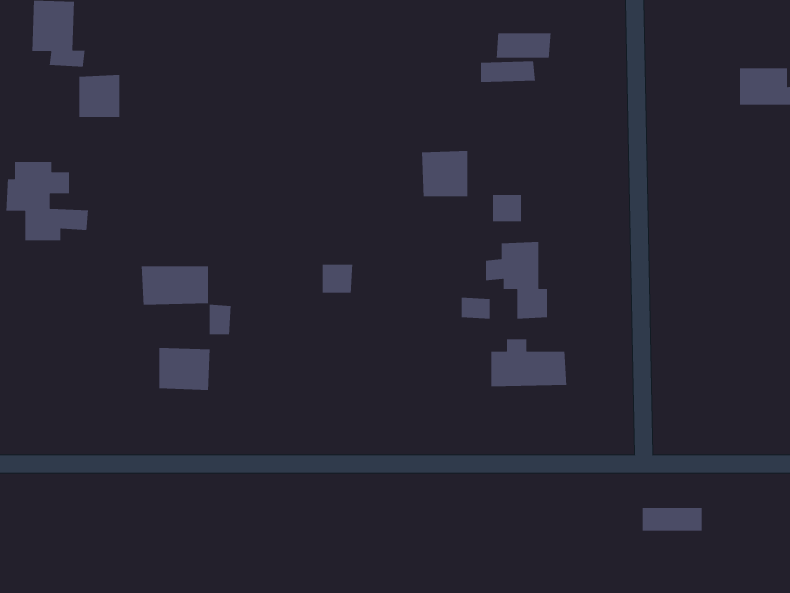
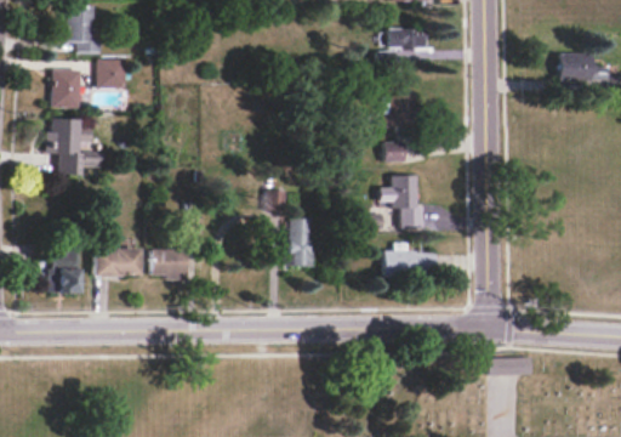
building: none -> [52,69,81,108]
building: [421,150,468,197] -> [382,96,415,129]
building: [141,266,209,306] -> [93,249,141,277]
building: none -> [284,218,314,266]
building: none -> [51,248,80,294]

